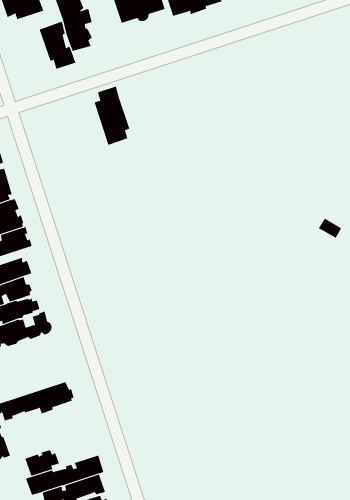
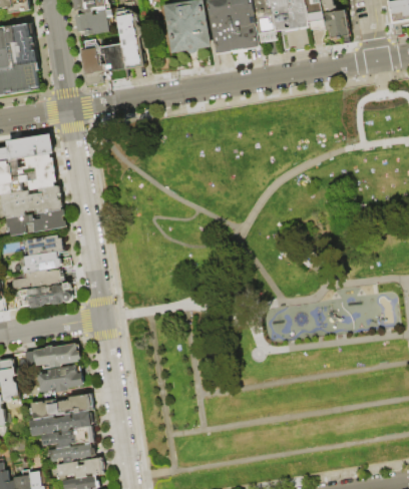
building: [94,86,130,145] -> [78,35,105,84]
building: none -> [38,366,84,394]
building: none -> [59,394,94,415]

